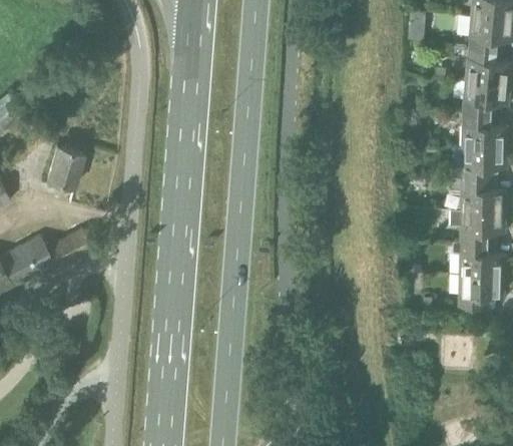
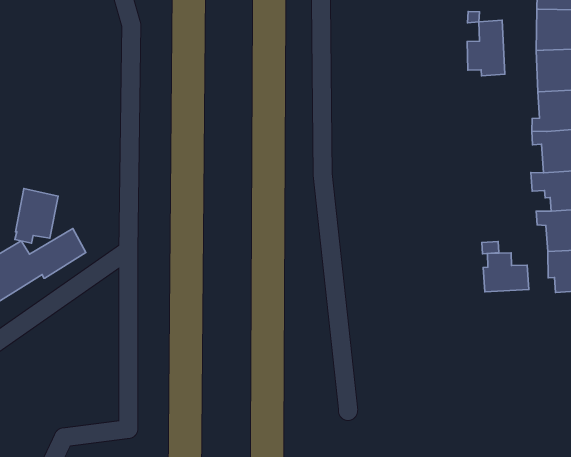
building: none -> [467,20,505,76]
building: [47,145,84,189] -> [15,189,58,243]
building: none -> [483,253,529,292]

